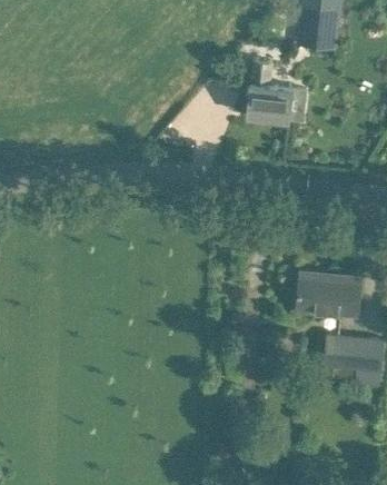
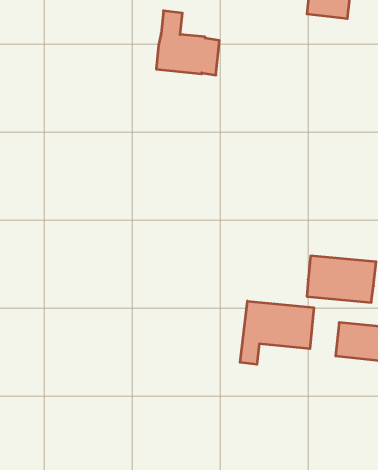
building: [247,62,306,122] -> [156,11,219,75]
building: none -> [240,301,314,364]

